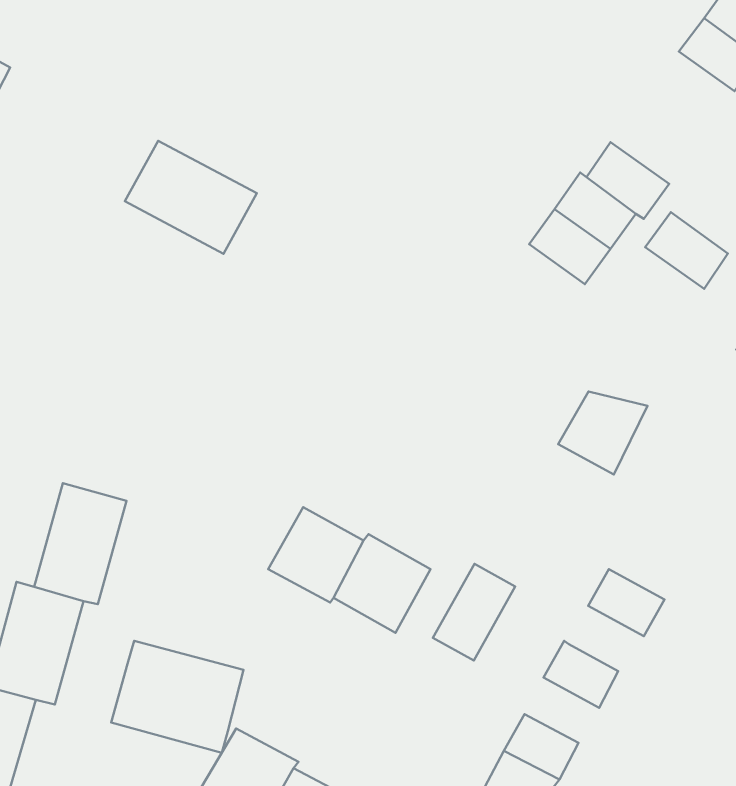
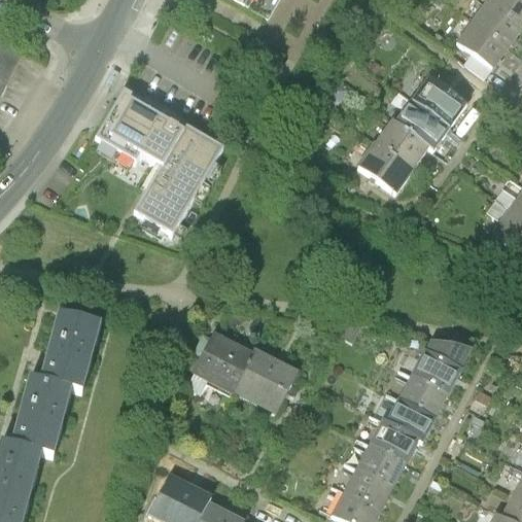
building: none -> [137,130,223,237]
building: [645,212,728,289] -> [412,74,465,124]
building: [558,392,647,474] -> [411,339,468,392]
building: [433,564,515,660] -> none
building: none -> [385,396,433,440]
building: [111,641,243,753] -> none
building: none -> [356,443,405,485]

